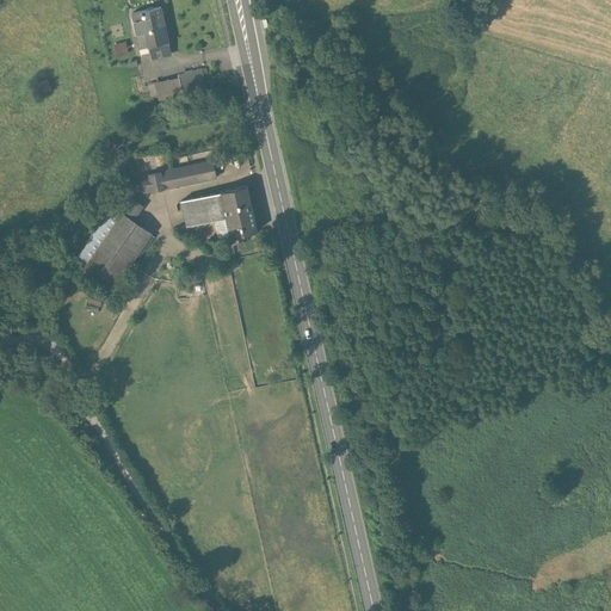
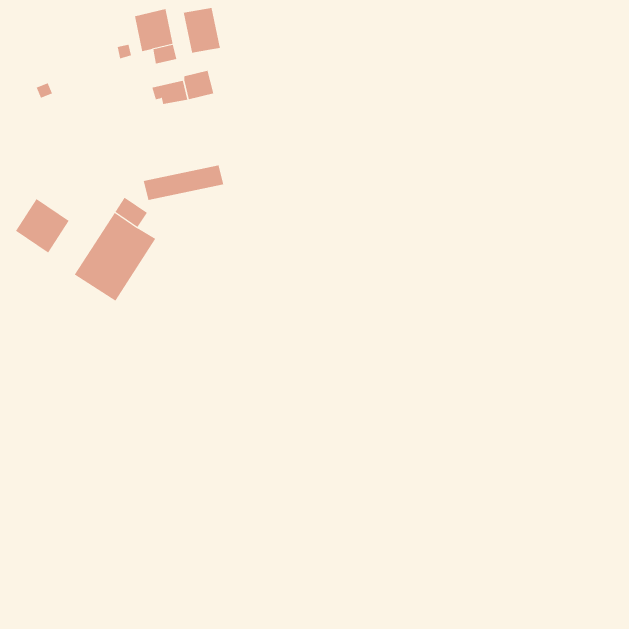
building: none -> [183,7,221,54]
building: [180,186,258,239] -> none
building: none -> [15,198,70,254]

